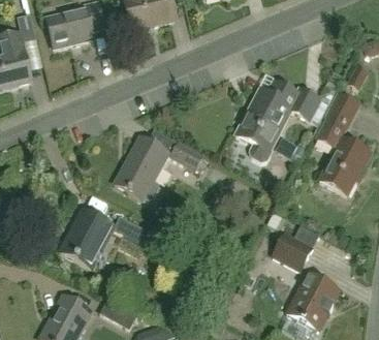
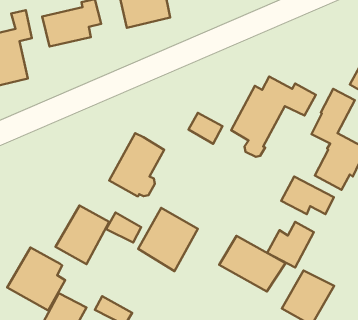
building: [169,141,203,172] -> [188,113,222,144]
building: none -> [281,176,334,214]
building: none -> [138,208,198,271]
building: none -> [219,236,286,292]
building: none -> [7,248,65,311]

